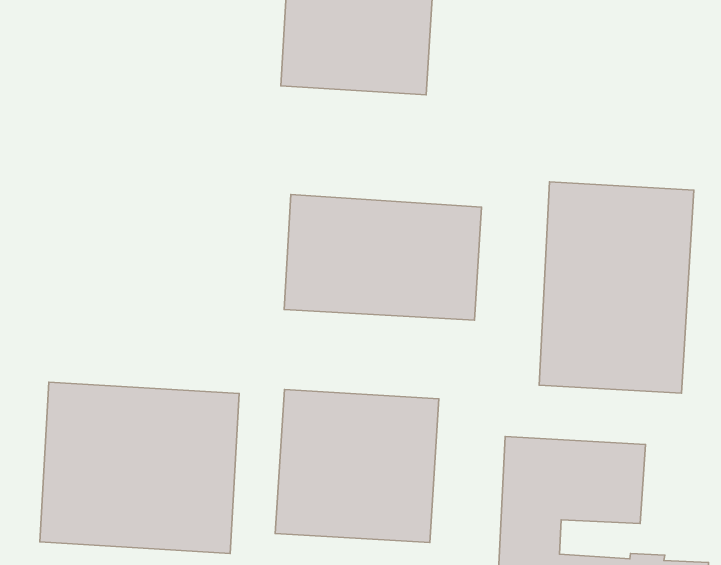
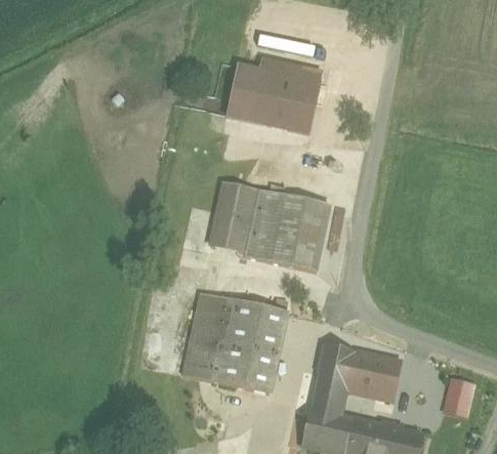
building: [539,182,694,393] -> none
building: [40,382,239,553] -> none

